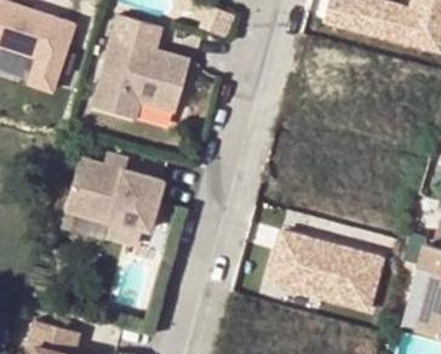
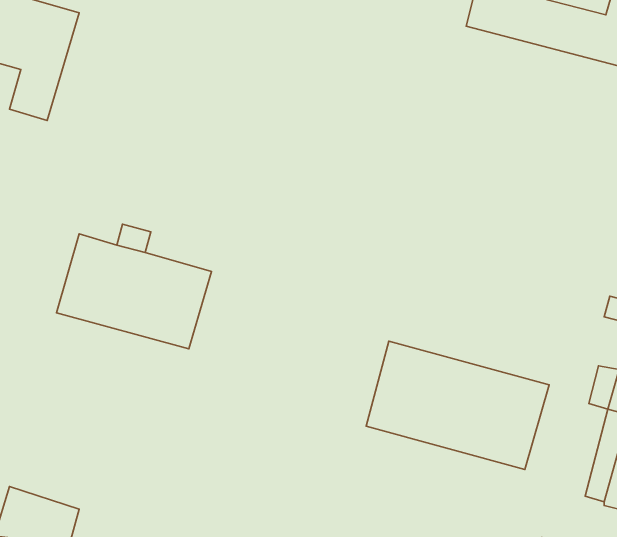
building: [91,17,190,122] -> none

